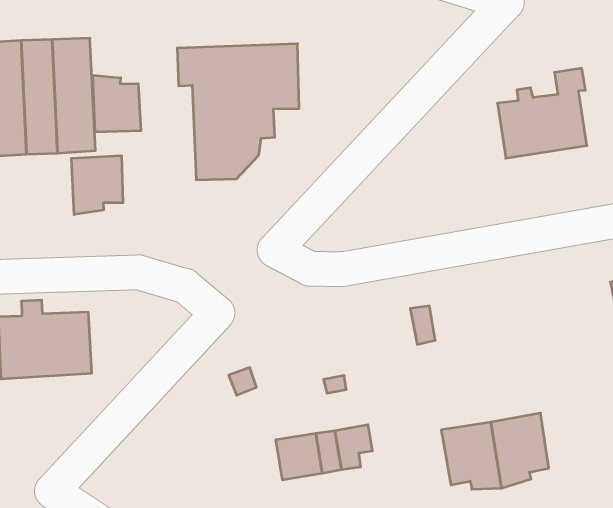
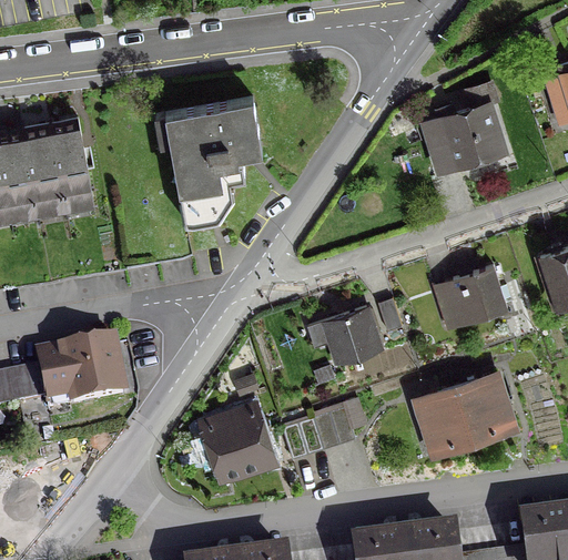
building: [93,75,141,132] -> none
building: [71,156,123,215] -> none
building: none -> [433,264,506,322]
building: none -> [323,306,379,362]
building: none -> [202,406,271,475]

